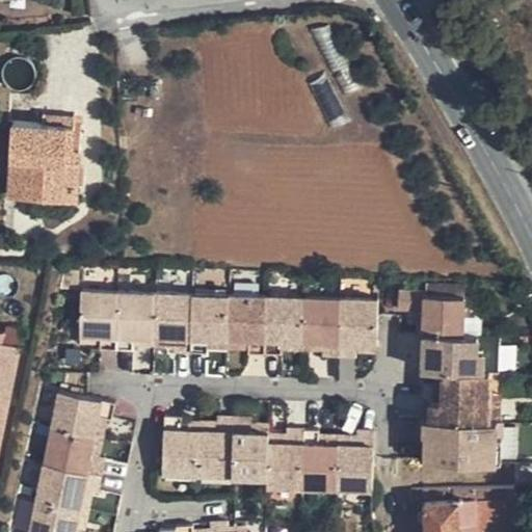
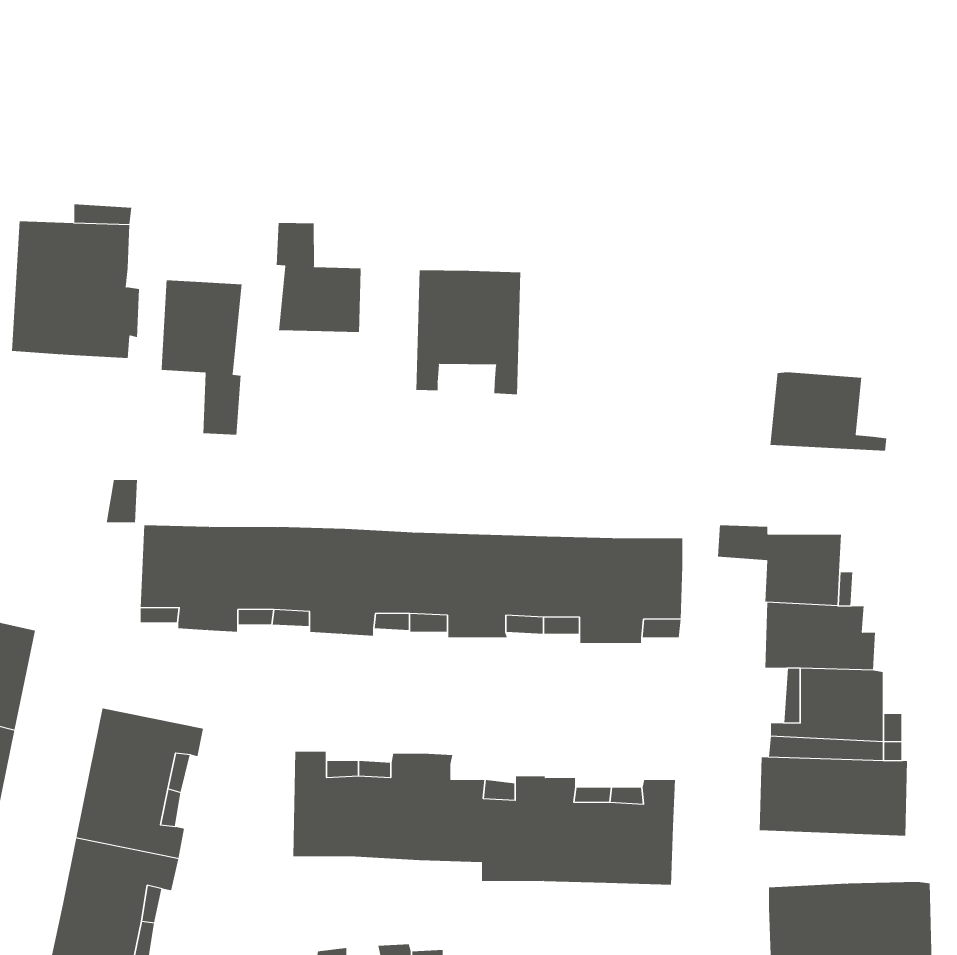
building: none -> [276,222,361,333]
building: none -> [416,269,521,395]
building: none -> [161,280,242,436]
building: none -> [770,371,887,452]

